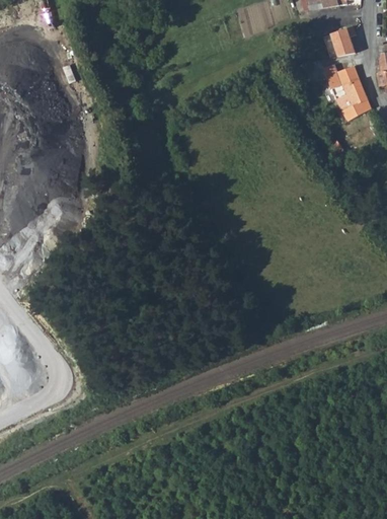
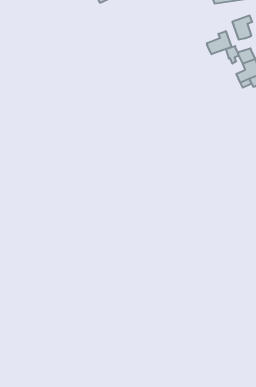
building: none -> [207,31,232,54]

